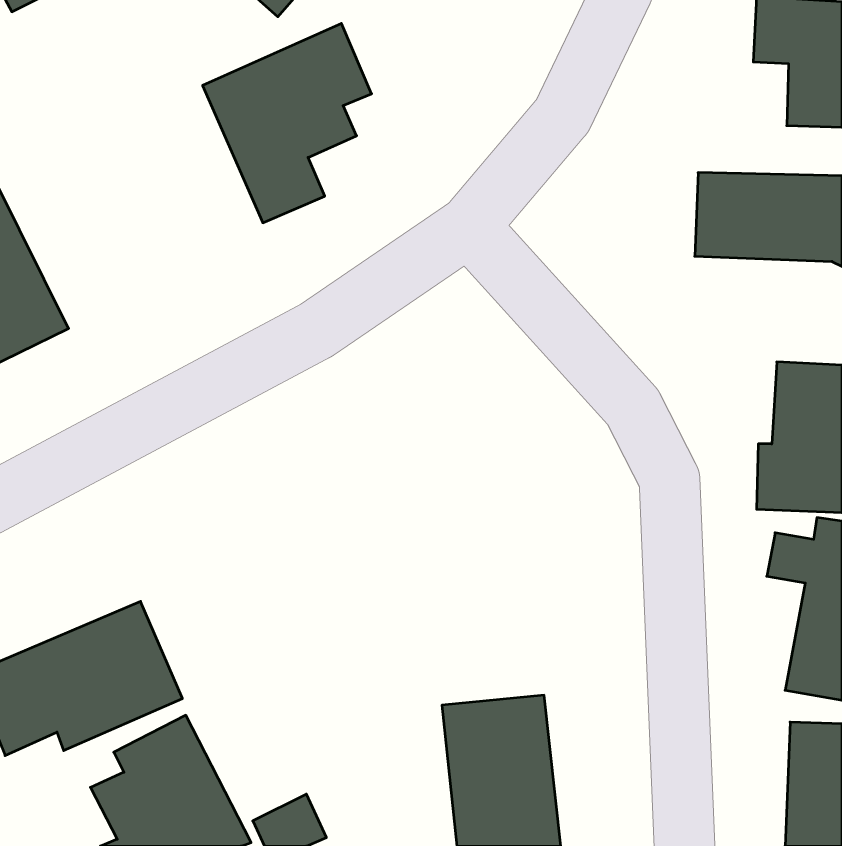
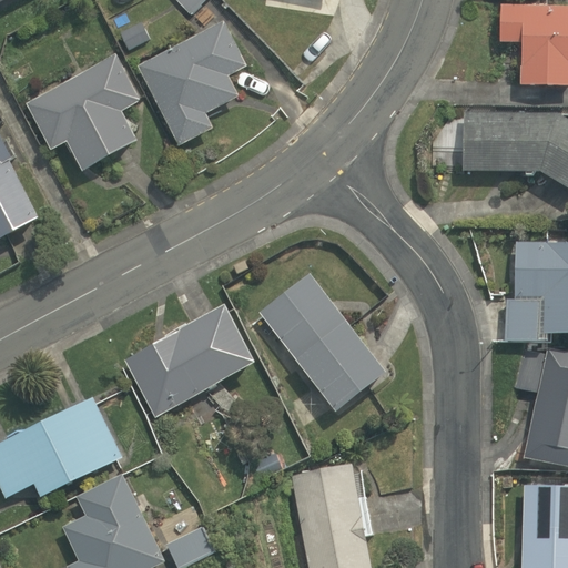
building: none -> [29,57,150,175]
building: none -> [256,267,396,417]
building: none -> [124,311,258,417]

